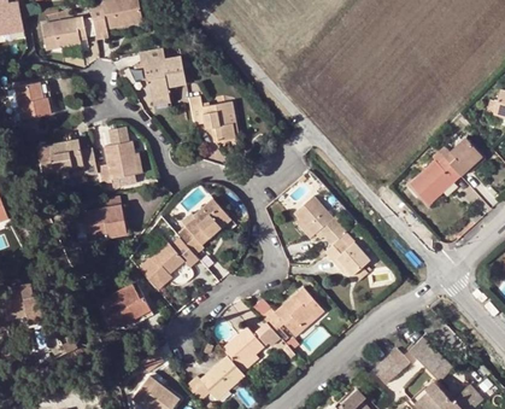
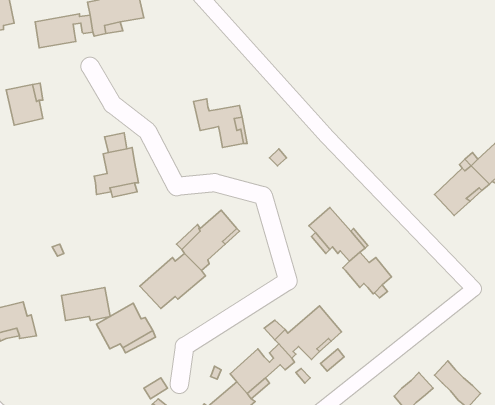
building: [139,48,186,99] -> none
building: [37,140,98,175] -> none
building: [82,206,127,236] -> [62,288,110,320]

